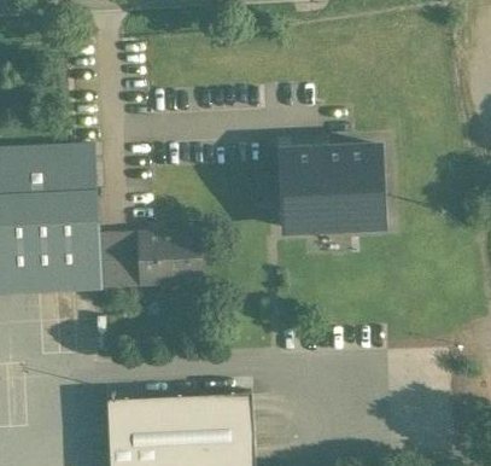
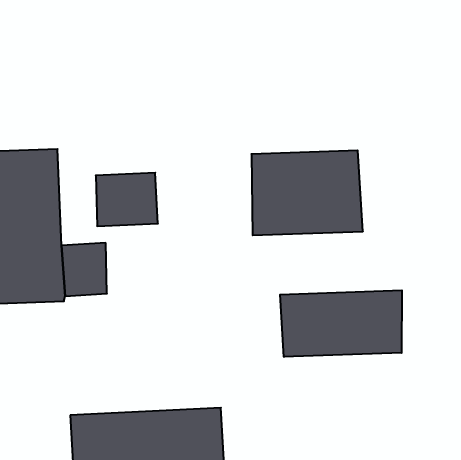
building: [140,232,199,282] -> [96,173,158,226]
building: none -> [280,290,402,357]

